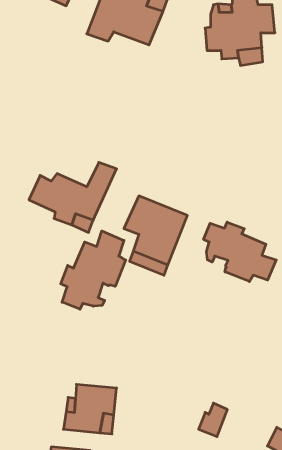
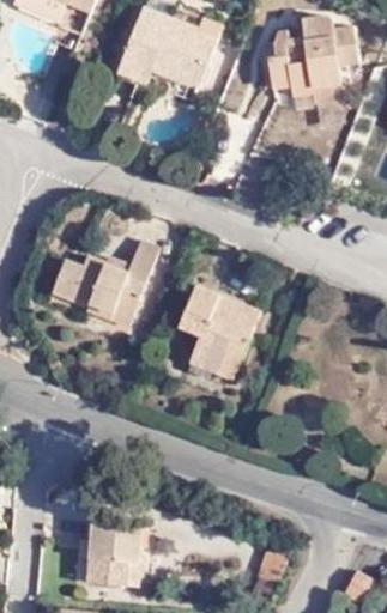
building: [204,222,276,282] -> none
building: [61,231,126,309] -> none

